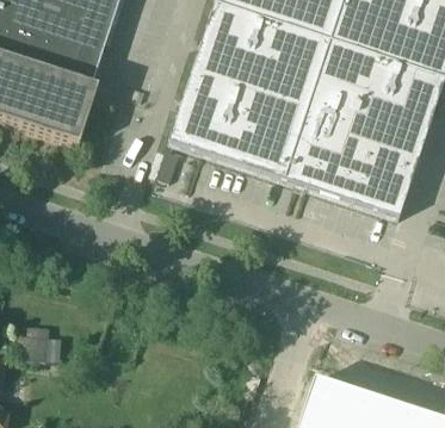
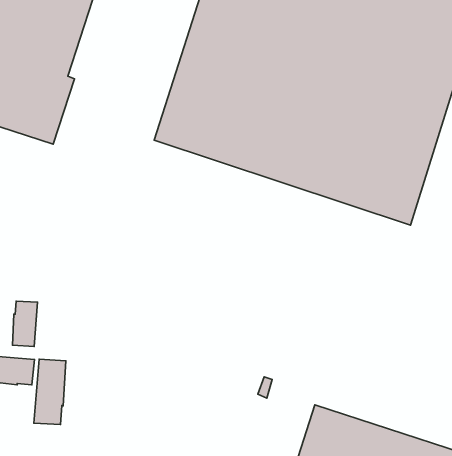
building: none -> [12,301,38,346]
building: none -> [34,359,66,425]

